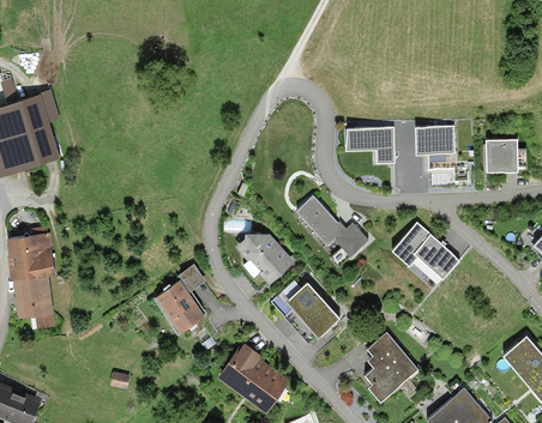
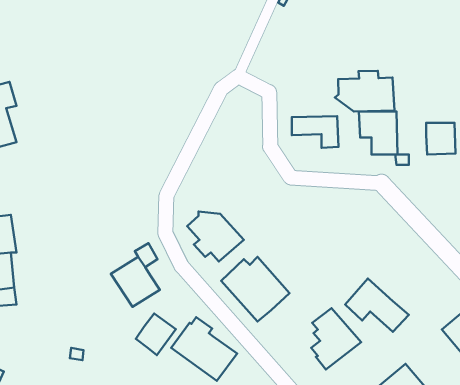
building: none -> [335,71,394,112]
building: [296,198,368,268] -> none
building: [393,223,460,279] -> [345,278,409,332]
building: none -> [136,314,176,355]

